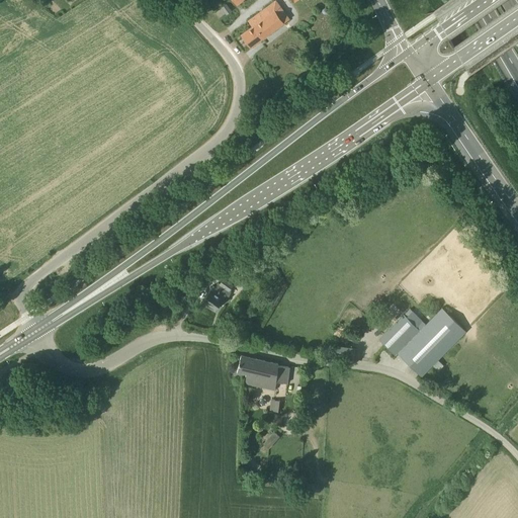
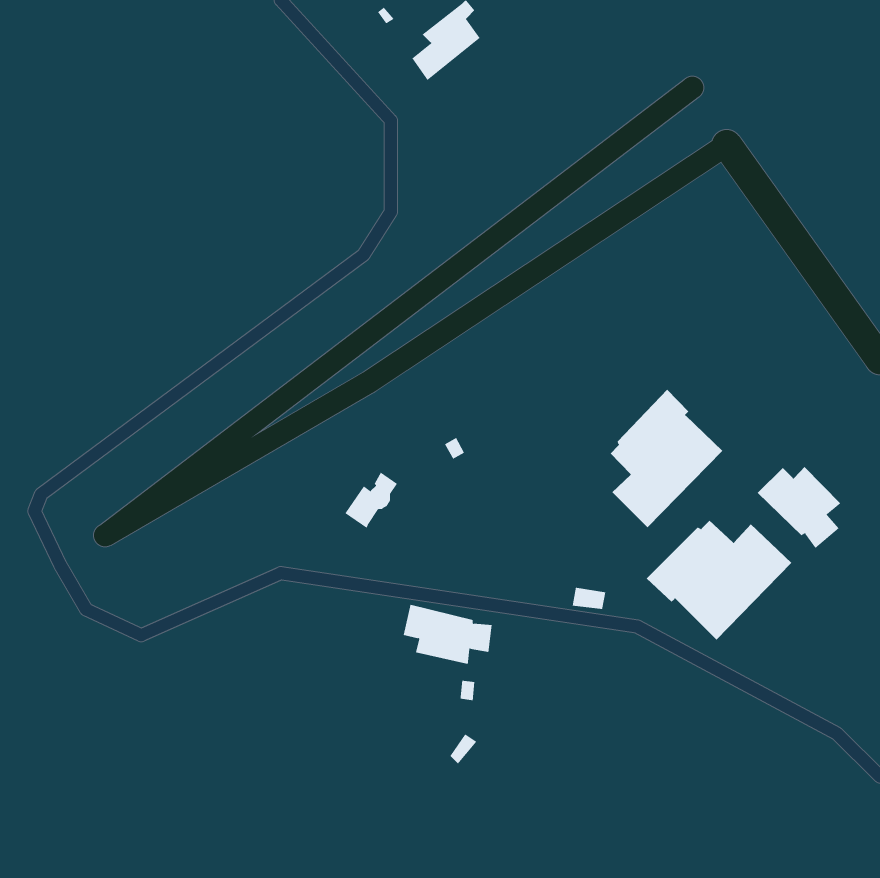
building: none -> [610,389,723,528]
building: none -> [757,466,841,549]

